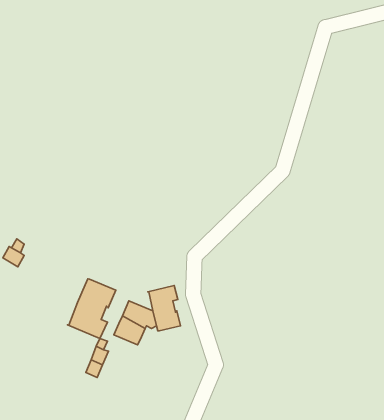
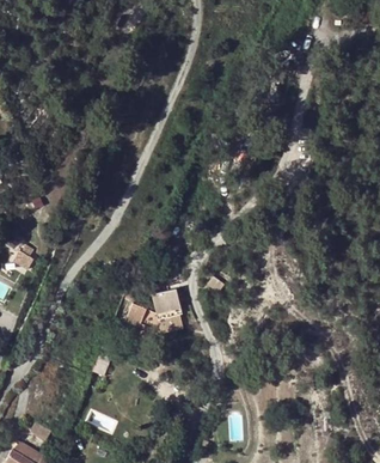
building: [67,279,116,339] -> none

